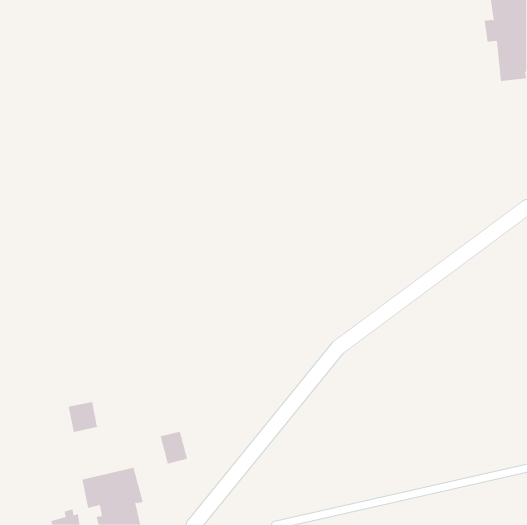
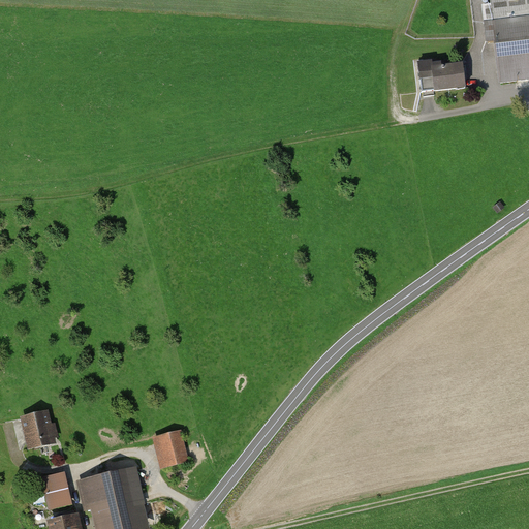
building: none -> [418,60,466,91]
building: [68,401,98,432] -> [26,414,56,445]
building: none -> [45,474,69,505]

